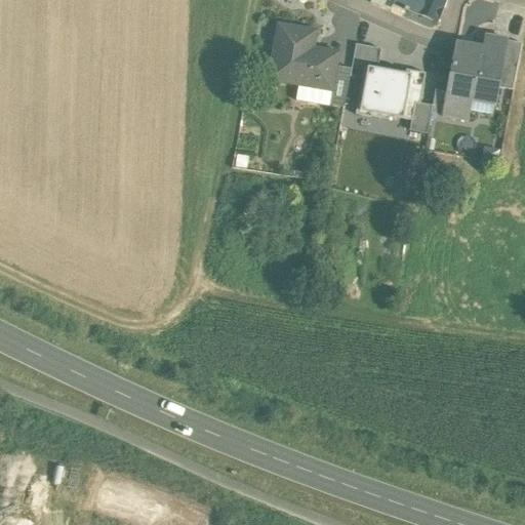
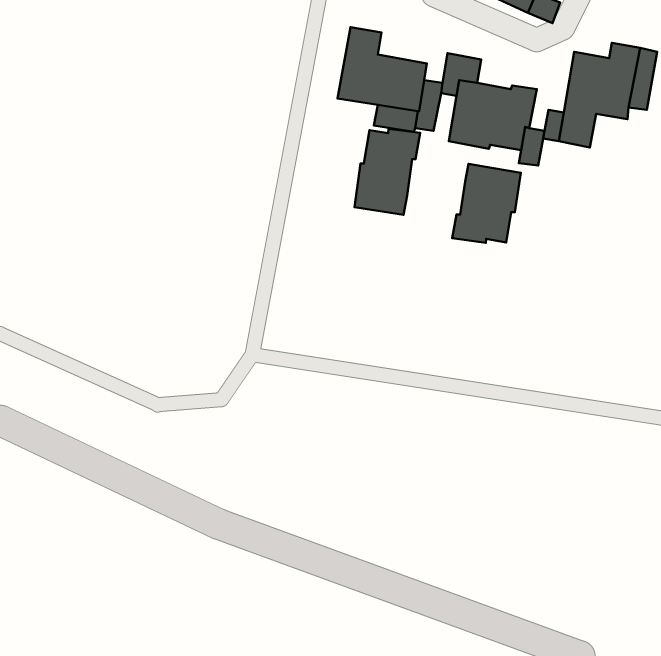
building: none -> [354,129,420,215]
building: none -> [452,164,521,243]

